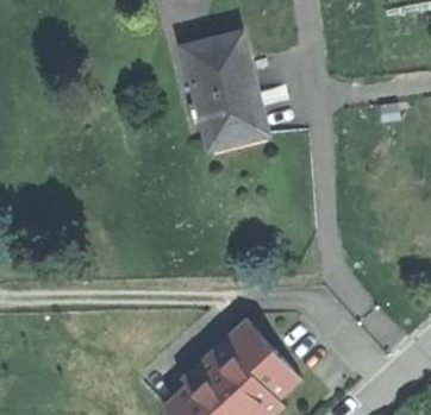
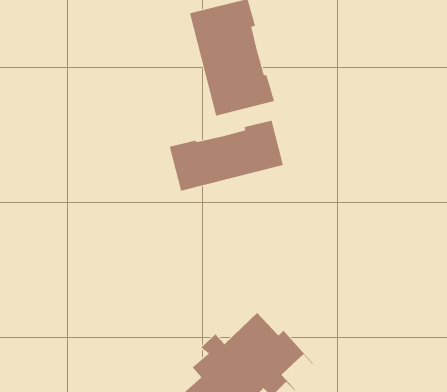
building: none -> [169,120,283,191]

